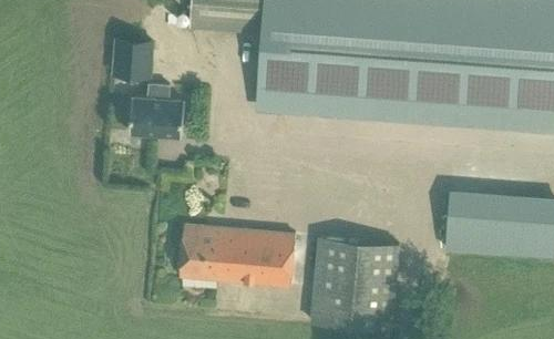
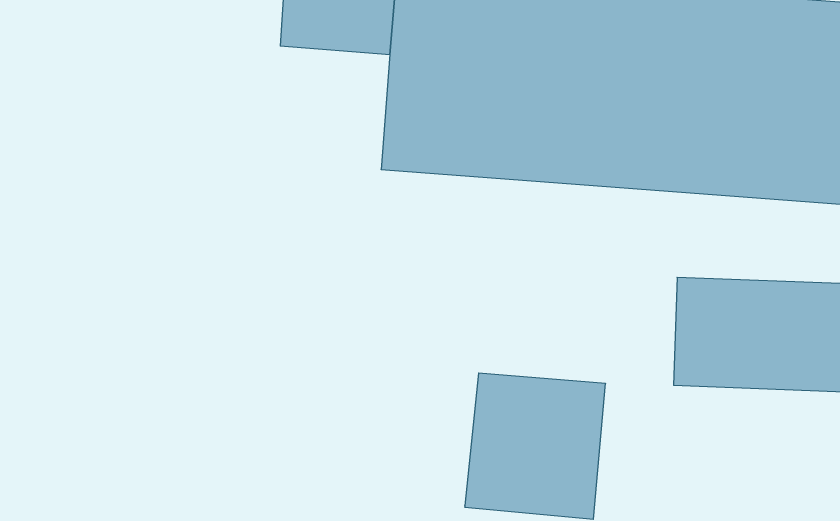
building: [113,40,153,80] -> none
building: [130,85,185,138] -> none
building: [181,224,296,289] -> none

